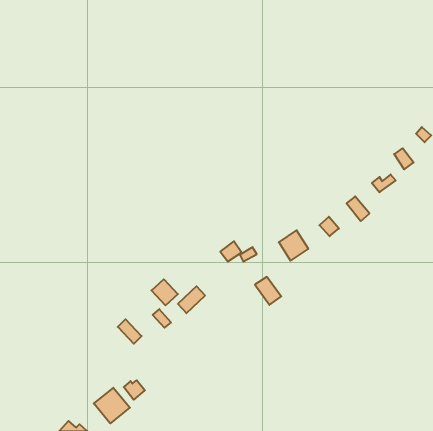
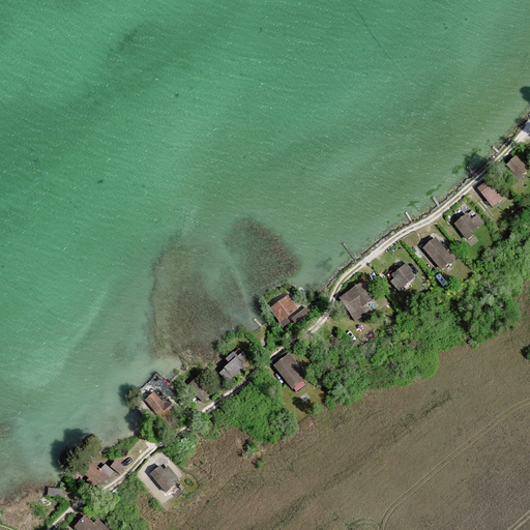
building: [255,277,281,305] -> [273,356,305,390]
building: [151,279,178,305] -> none
building: [94,388,130,423] -> none

